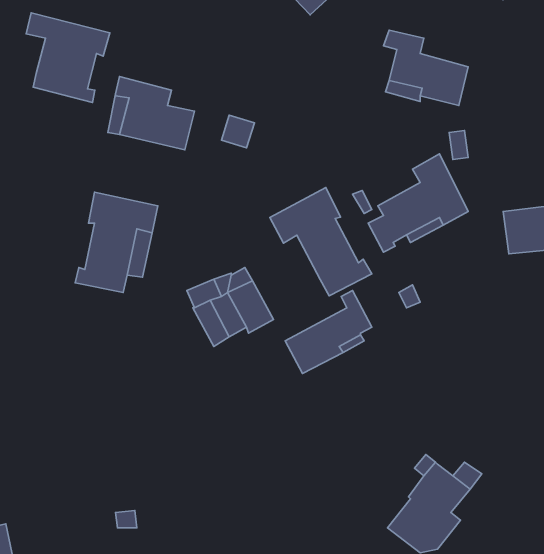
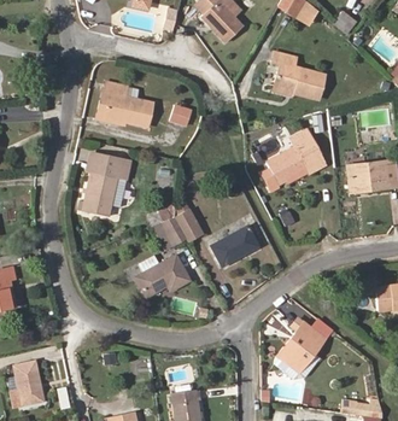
building: [26,13,110,102] -> none
building: [270,188,372,296] -> none
building: none -> [135,255,189,297]

